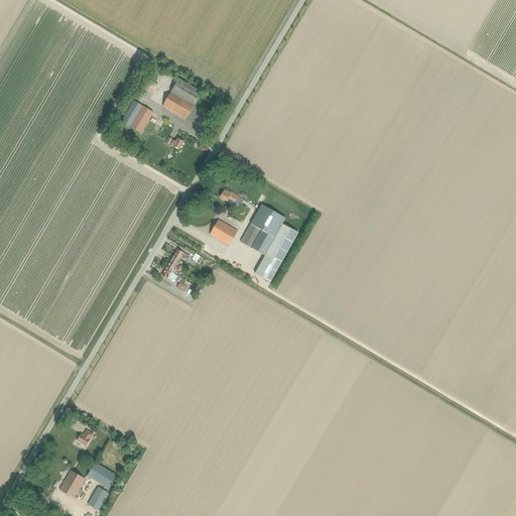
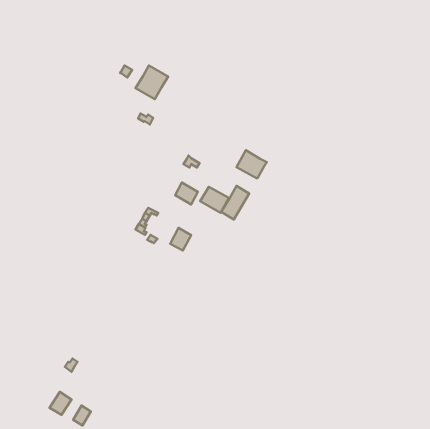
building: [121,100,153,133] -> none
building: [250,204,286,237] -> [236,150,267,178]
building: [255,254,280,281] -> [170,228,191,250]
building: [87,462,117,488] -> none

